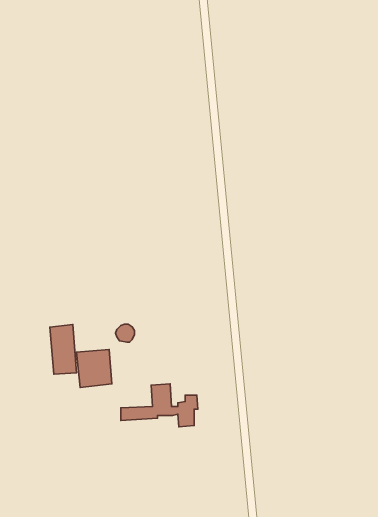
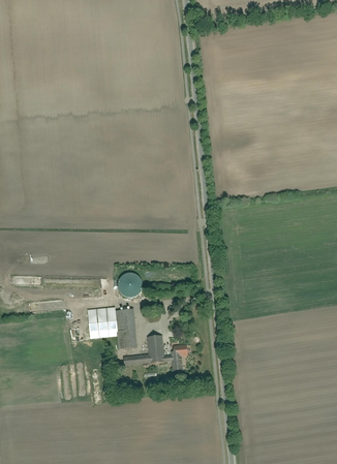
building: [50,325,76,374] -> [116,308,137,348]

